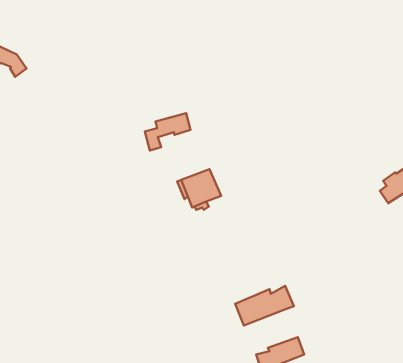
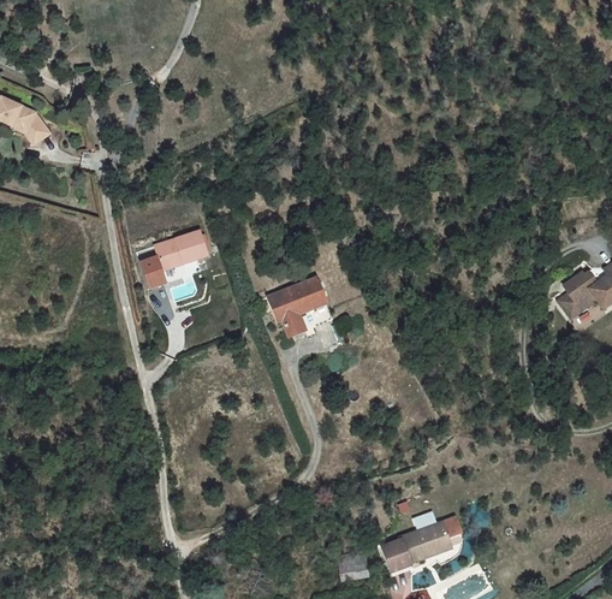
building: [145,113,190,151] -> [138,229,204,283]
building: [235,286,294,326] -> none

